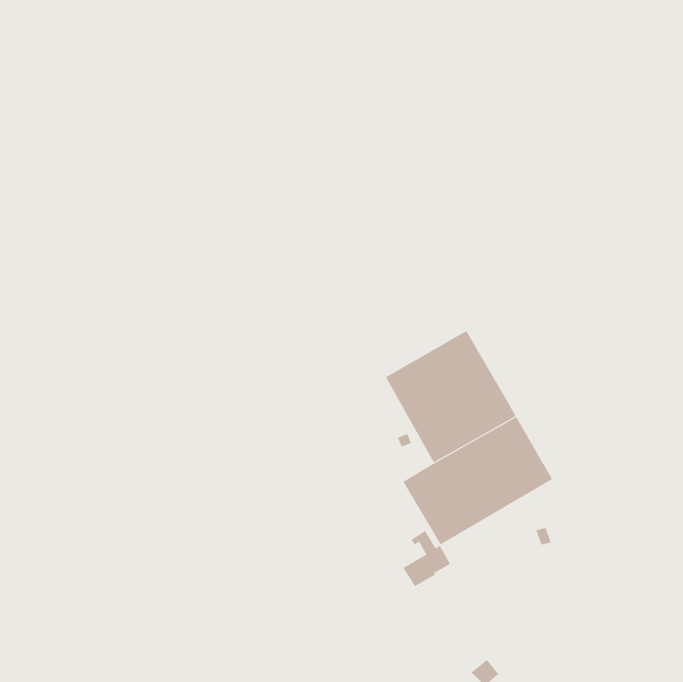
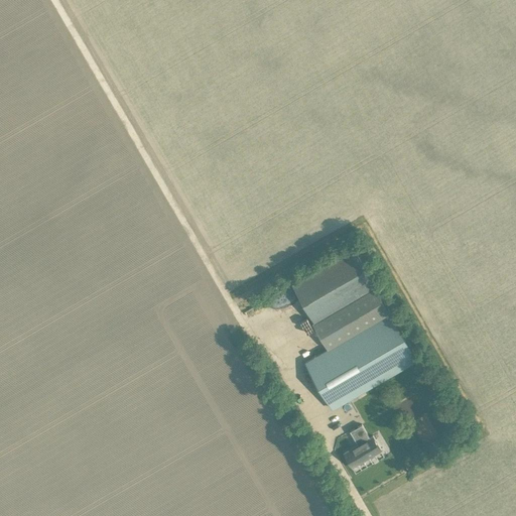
building: [403,530,451,587] -> [342,427,378,470]

